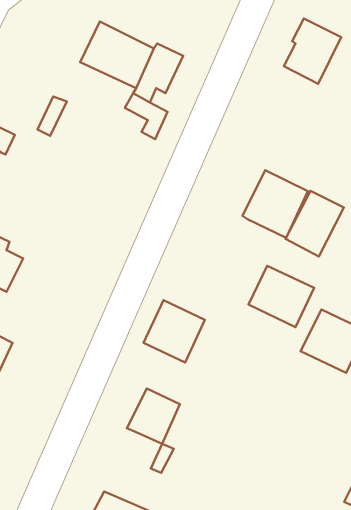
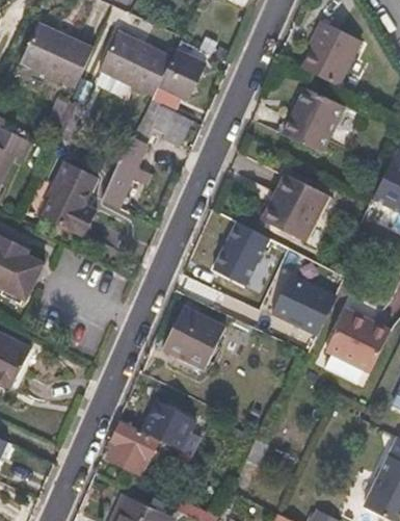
building: none -> [25,23,97,87]
building: none -> [283,90,343,156]
building: none -> [101,134,151,207]
building: none -> [43,163,98,236]
building: [286,191,344,256] -> [211,219,269,285]
building: none -> [107,421,156,472]

